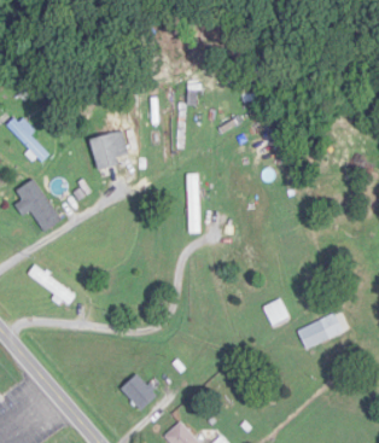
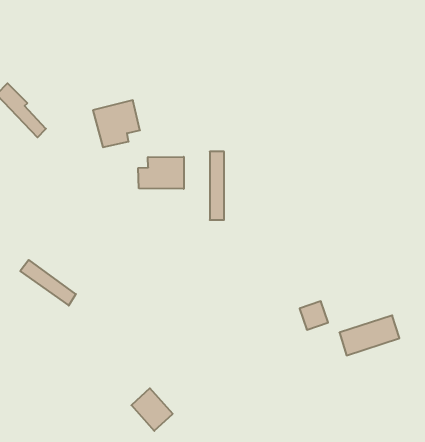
building: none -> [138,157,184,189]
building: [14,179,60,232] -> none

